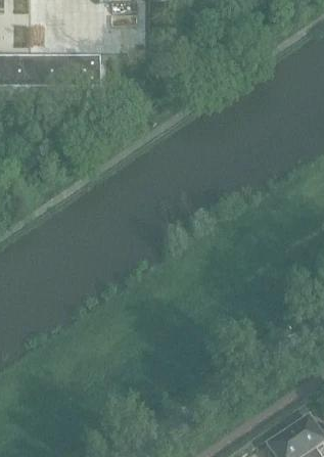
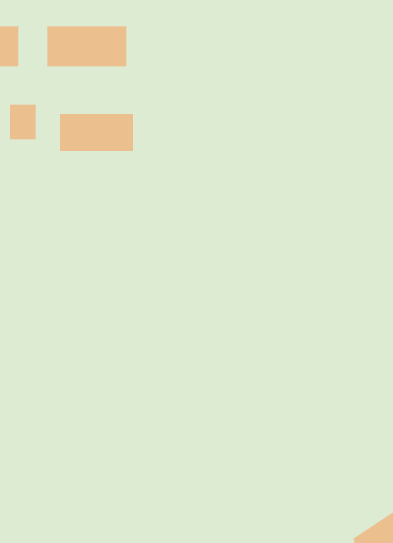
building: [18,60,39,87] -> [9,104,36,140]
building: none -> [60,113,133,152]

